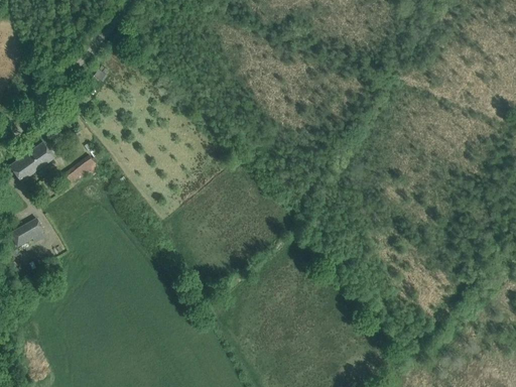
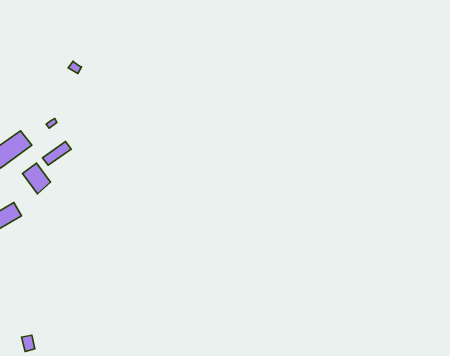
building: none -> [22,163,50,194]

